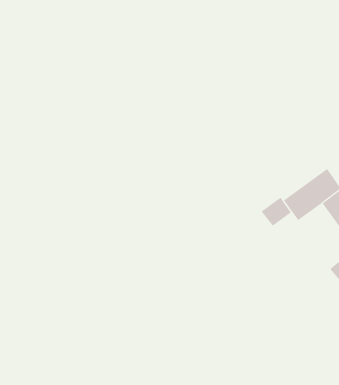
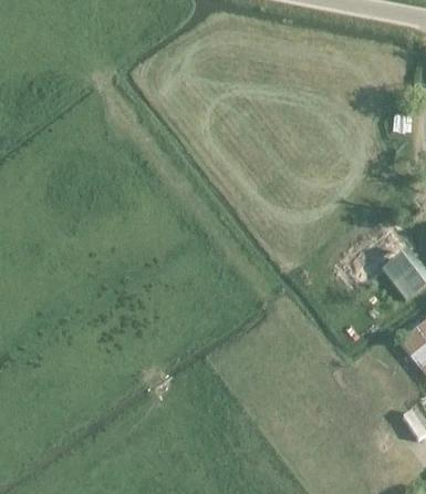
building: [261,197,292,227] -> none

